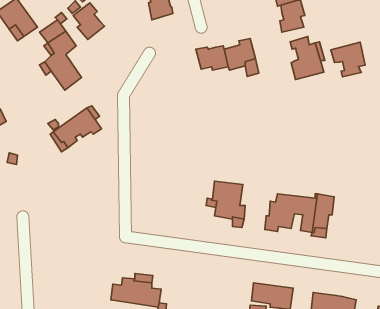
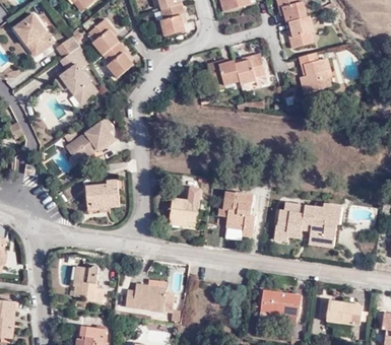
building: none -> [103,42,133,78]
building: [331,42,365,77] -> none
building: none -> [85,181,120,210]
building: none -> [170,198,199,221]
building: none -> [74,266,104,302]

